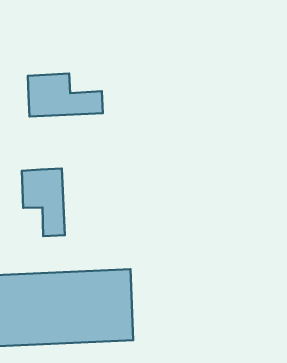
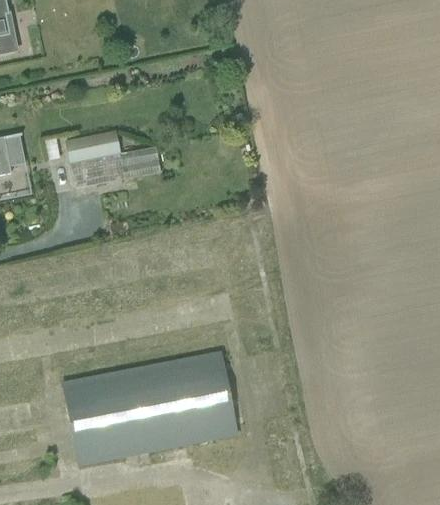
building: [22,169,65,236] -> none

